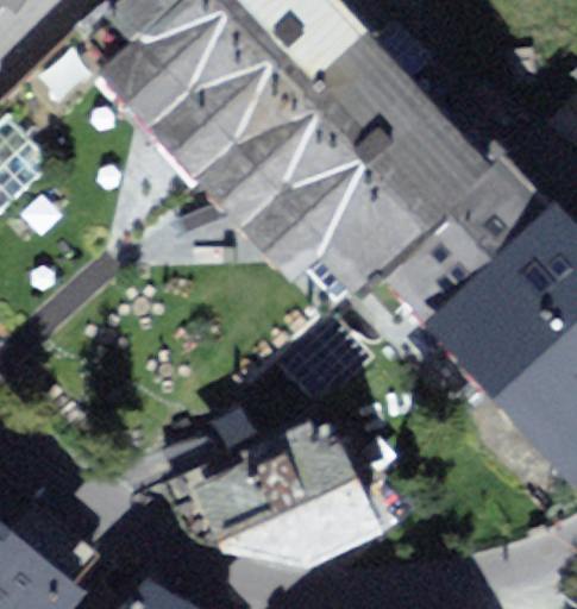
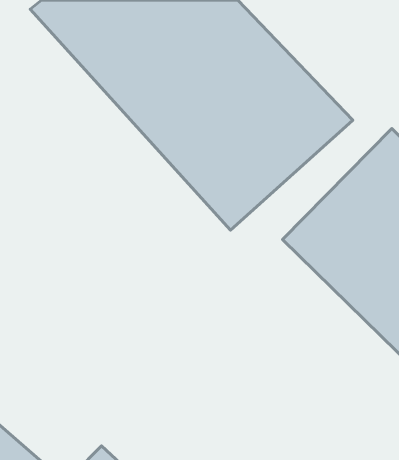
building: [180,415,380,576] -> none

